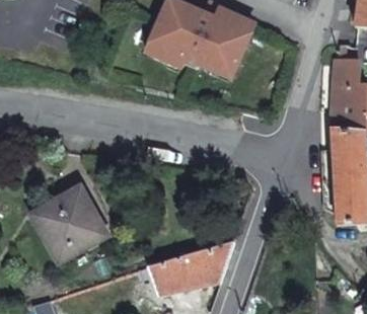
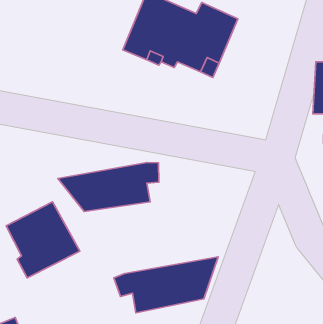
building: none -> [58,163,159,211]

